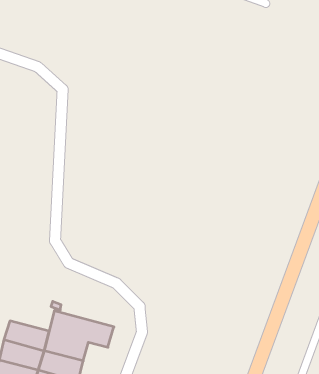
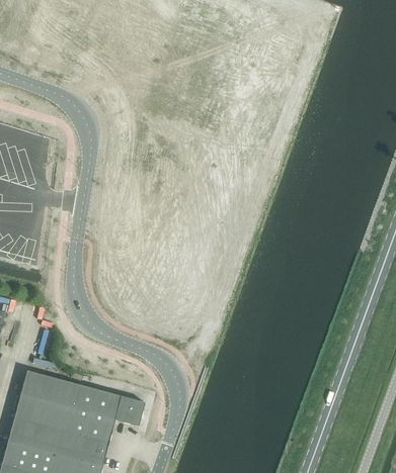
building: none -> [21,372,74,408]

